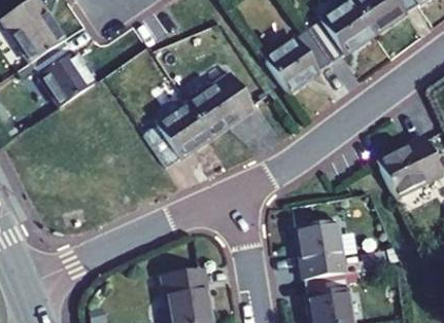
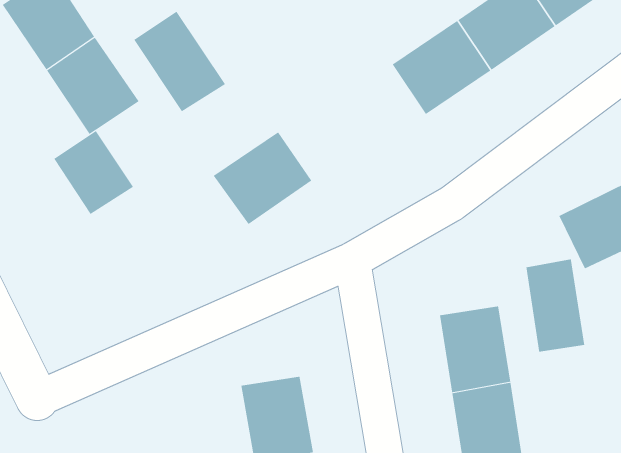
building: none -> [134,11,226,112]
building: [189,73,254,136] -> none
building: none -> [53,130,134,215]
building: none -> [526,258,585,352]

